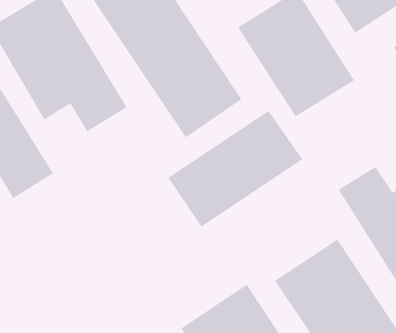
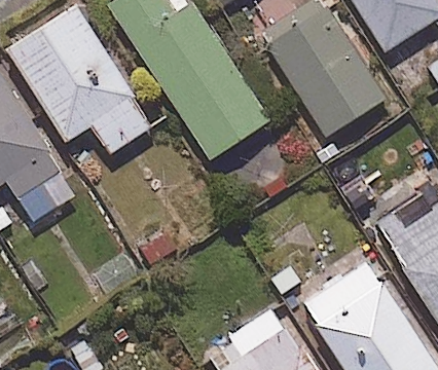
building: [167,110,303,228] -> none

